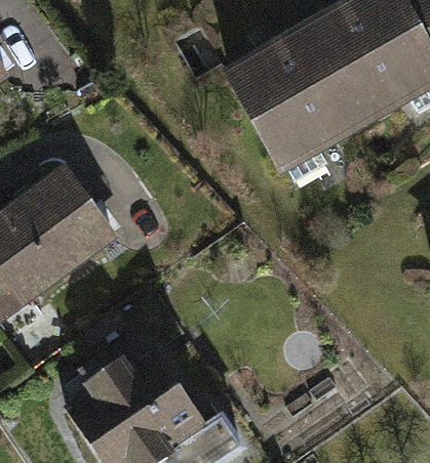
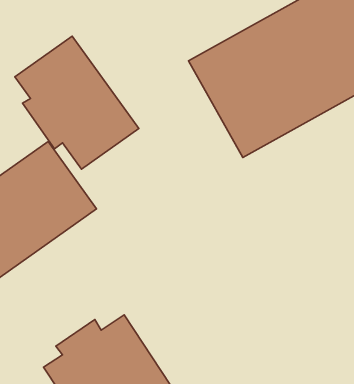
building: none -> [15,36,139,169]

